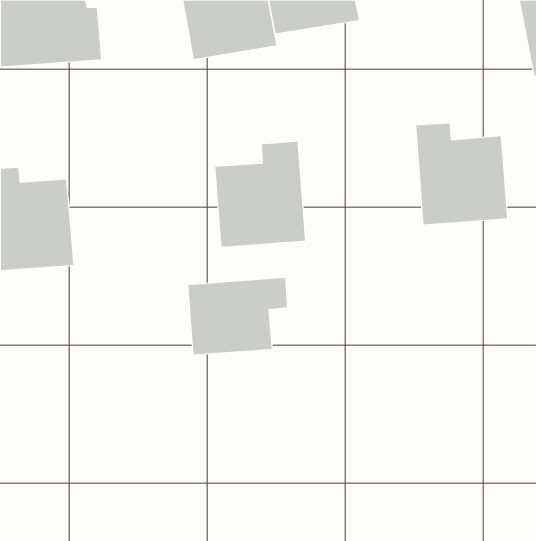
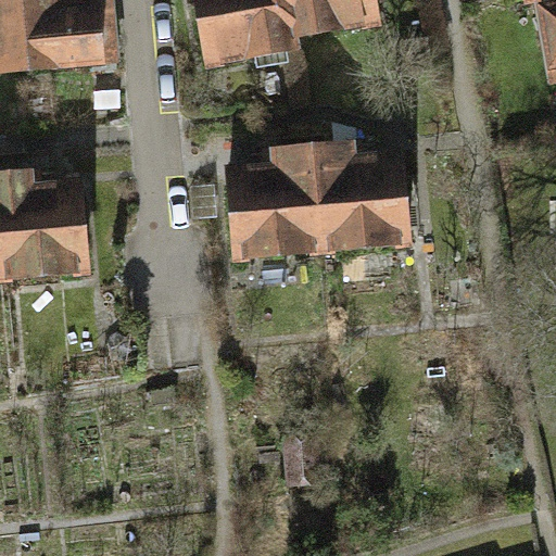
building: [416,123,508,225] -> [312,143,406,248]
building: [188,277,288,355] -> none

